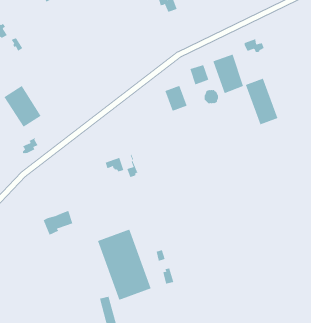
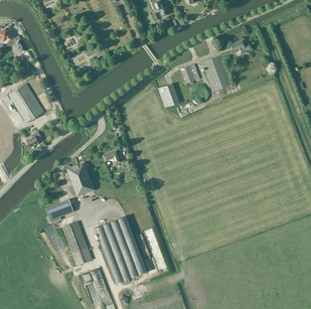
building: [245,78,278,125] -> none
building: none -> [65,161,94,195]
building: none -> [61,220,91,265]

